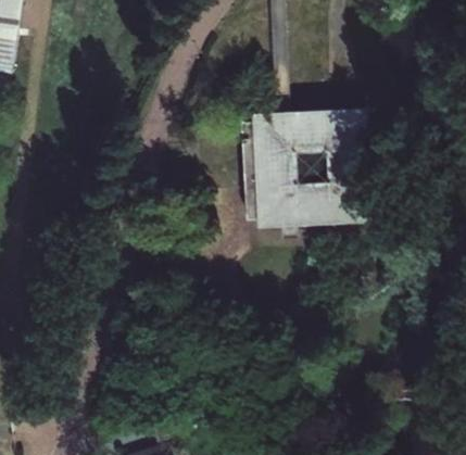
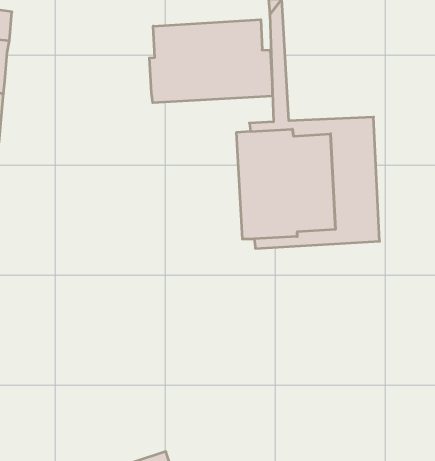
building: none -> [149,20,272,103]

